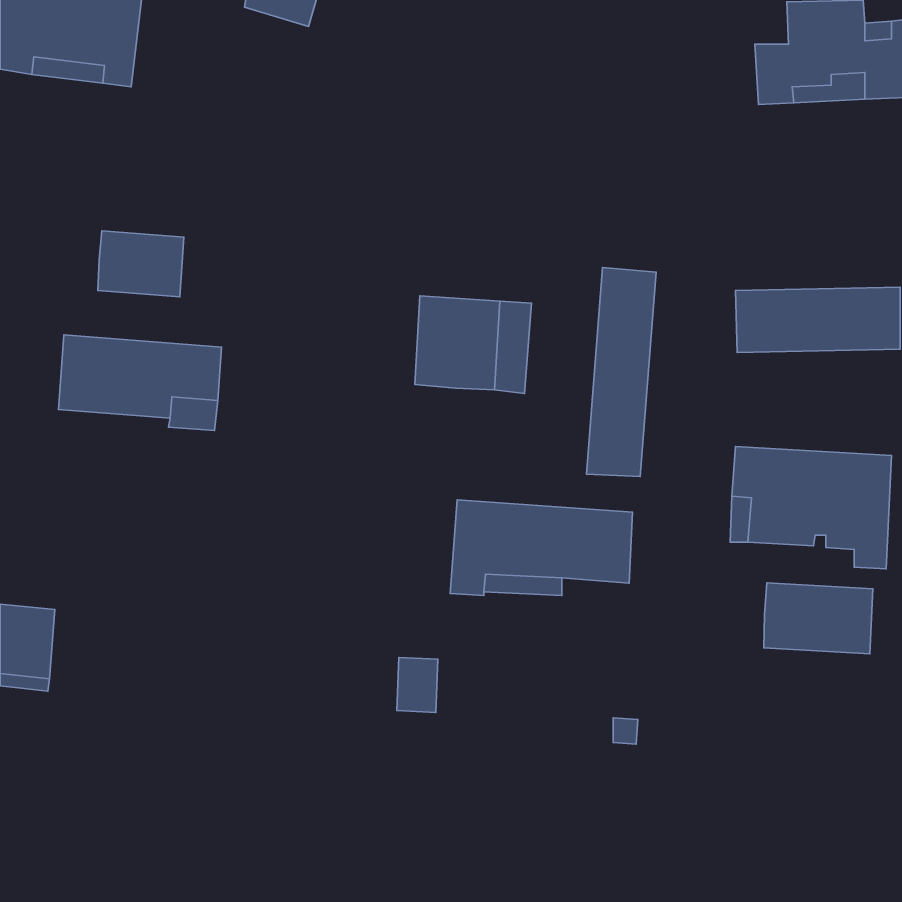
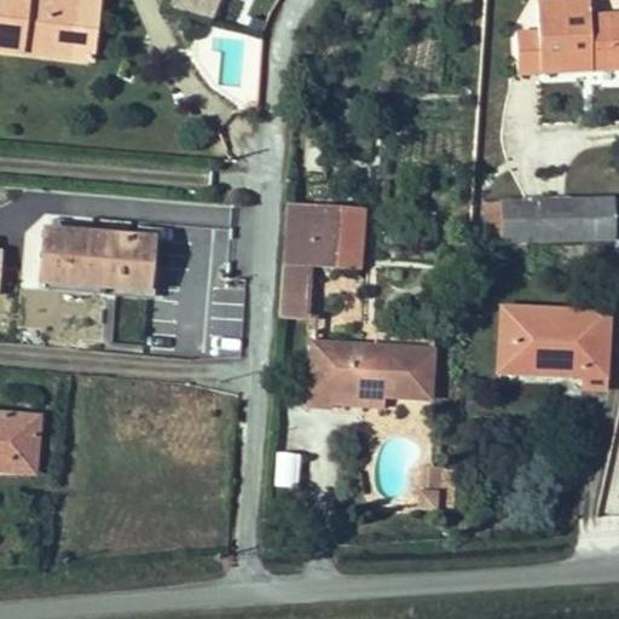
building: [98,231,184,297] -> none
building: [586,268,656,477] -> none
building: none -> [280,262,313,318]
building: [764,583,873,654] -> none

